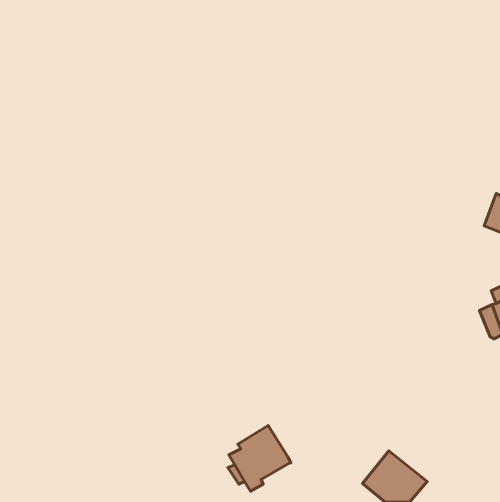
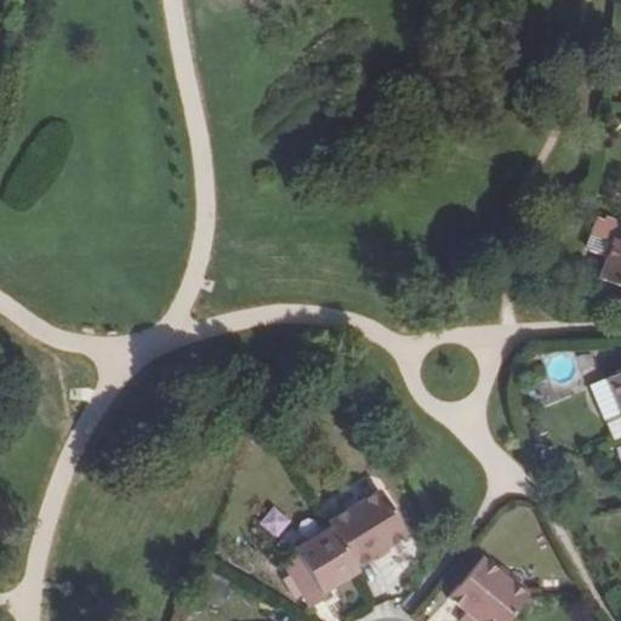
building: none -> [331,486,409,564]

